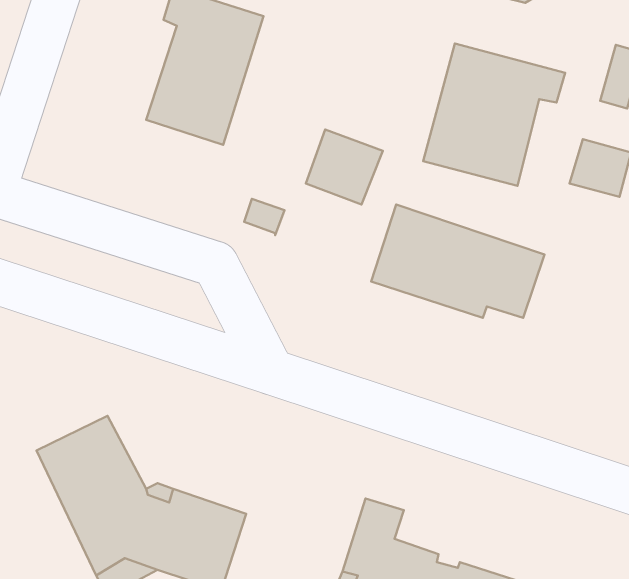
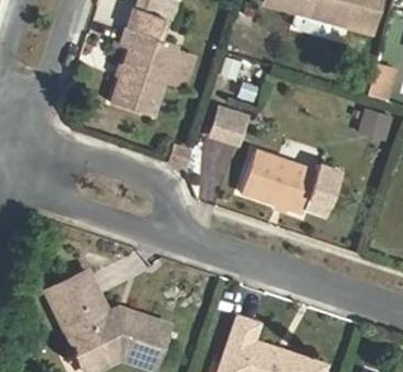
building: [423,44,565,186] -> none

